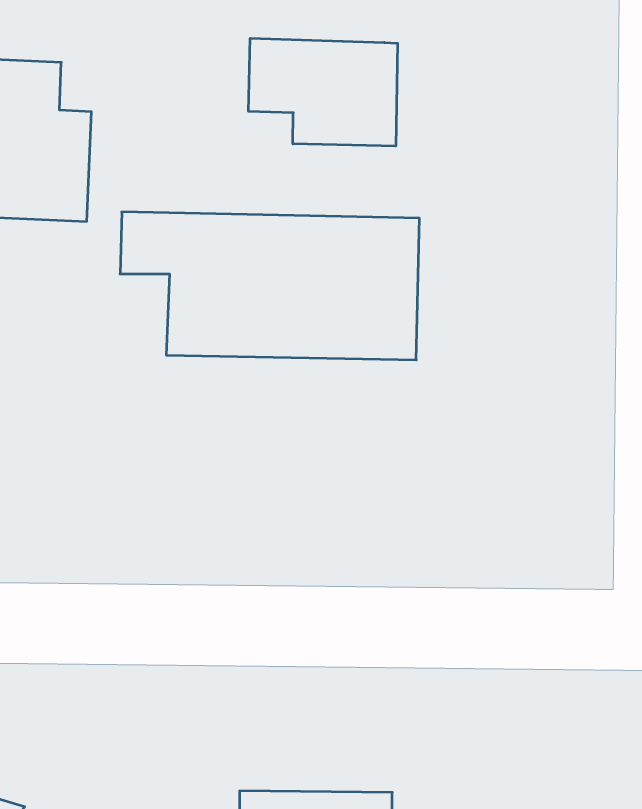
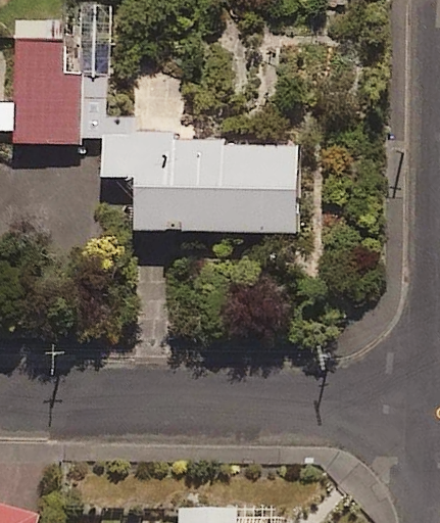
building: [249,38,398,146] -> none

